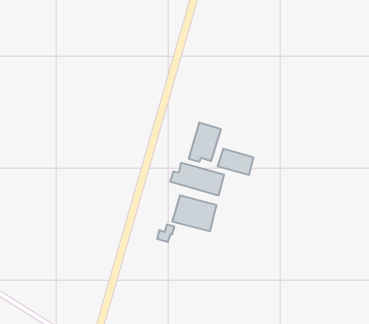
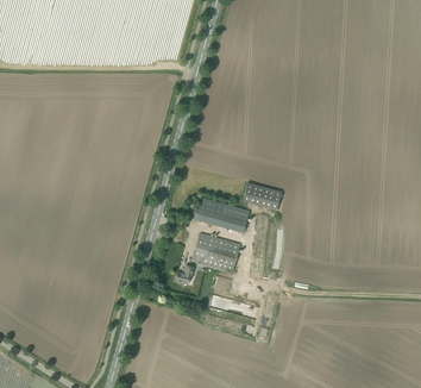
building: [189,122,221,162] -> none

